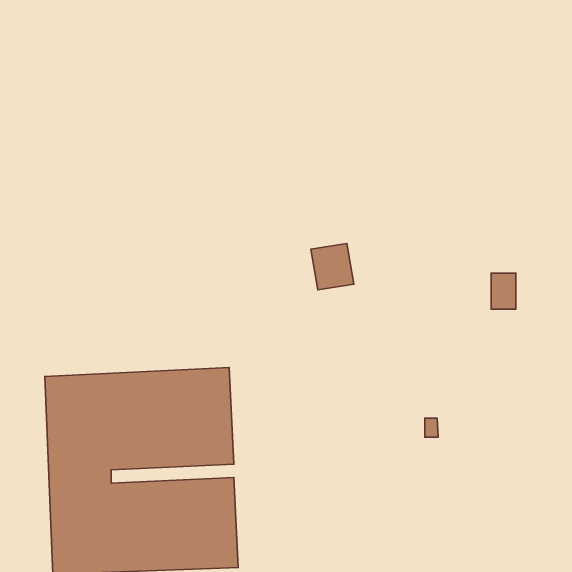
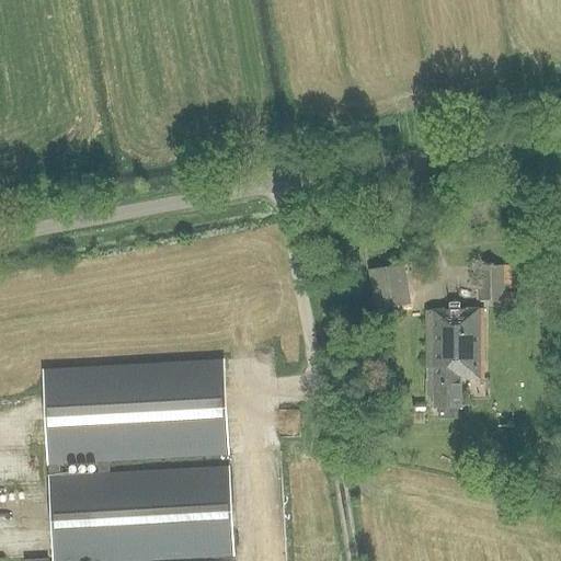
building: [311,244,354,290] -> [367,266,409,311]
building: none -> [425,313,483,410]

